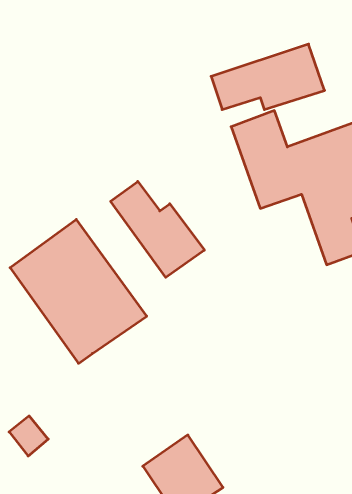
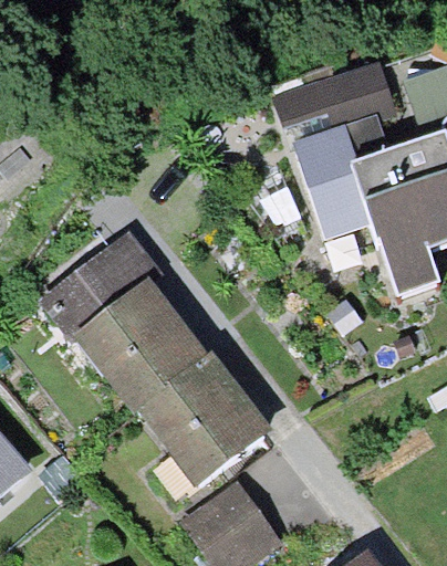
building: [111,181,204,277] -> none
building: none -> [139,345,271,479]

